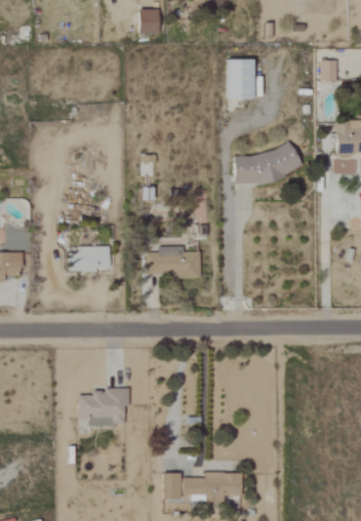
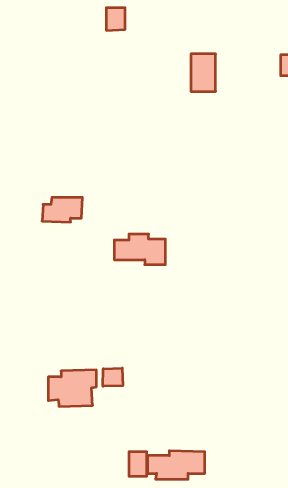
building: [235,152,295,182] -> none
building: [69,246,111,272] -> [42,197,82,222]
building: none -> [103,368,123,386]

